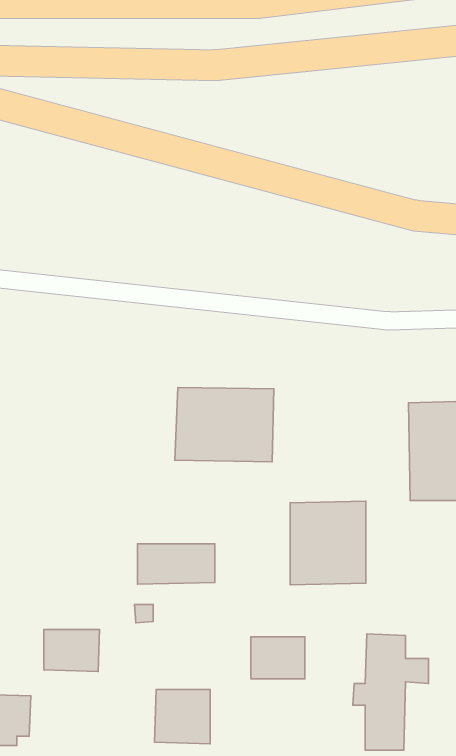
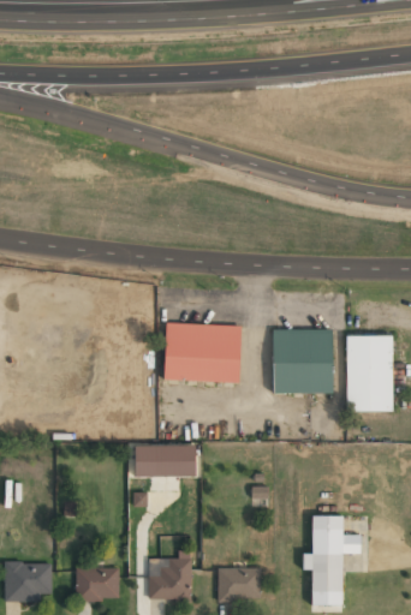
building: [290,501,366,585] -> [273,328,332,393]
building: [44,630,100,671] -> [76,567,119,599]
building: [251,637,305,679] -> [218,567,260,599]

